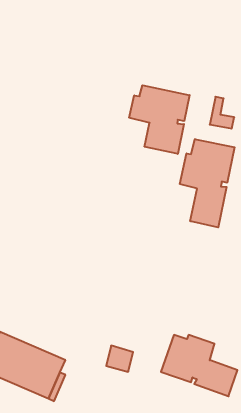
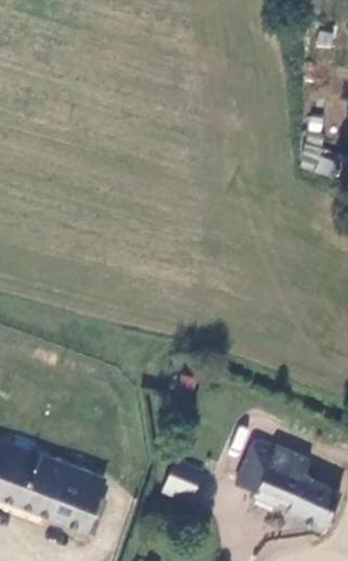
building: [129,85,190,154] -> none
building: [180,139,235,227] -> none

